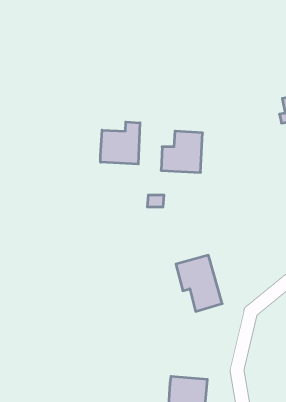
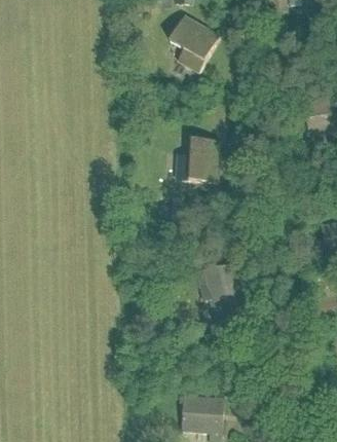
building: none -> [170,14,220,71]
building: [100,122,140,164] -> none

